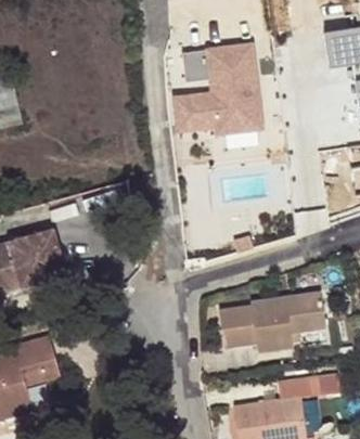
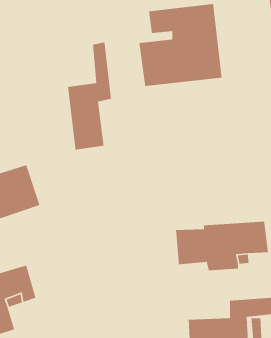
building: none -> [67,41,112,151]

